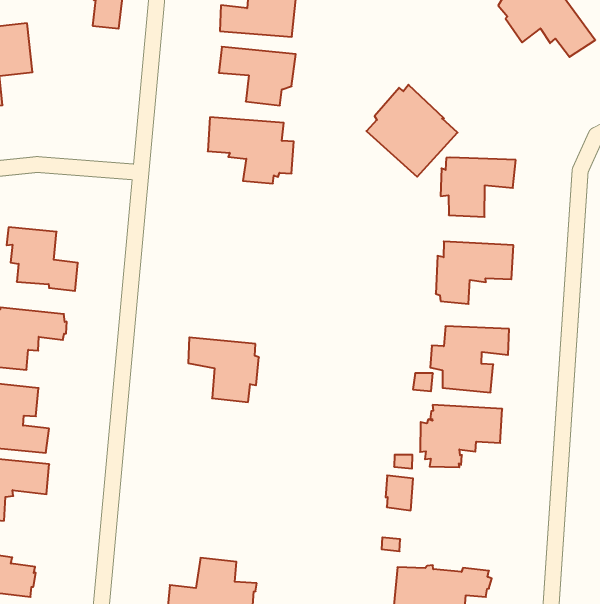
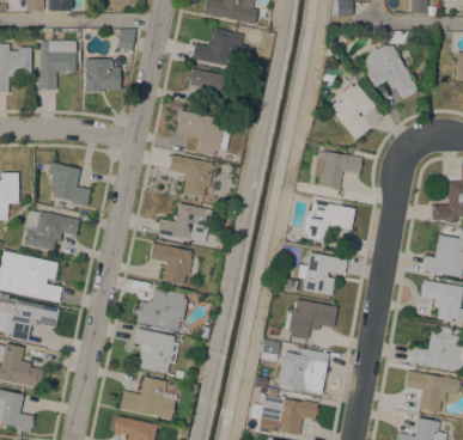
building: none -> [85,59,121,92]
building: [366,85,458,177] -> [328,84,383,140]
building: none -> [169,155,213,198]
building: none -> [157,203,219,244]
building: none -> [135,288,187,331]
building: none -> [134,329,178,374]
building: none -> [278,349,330,396]

